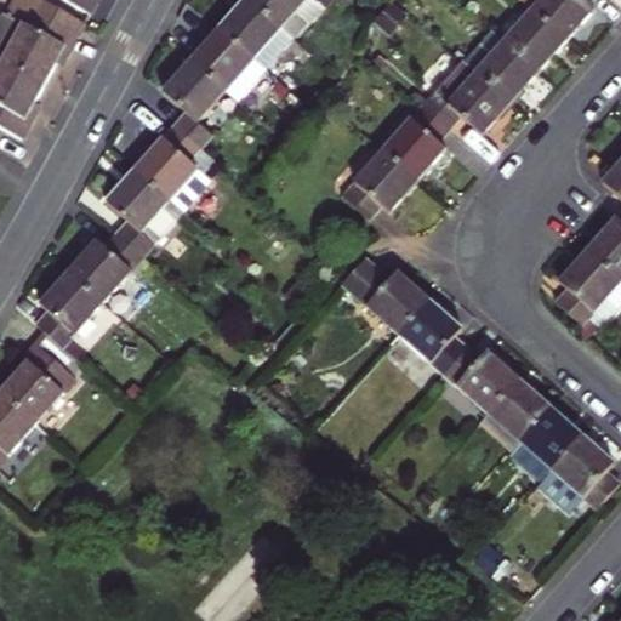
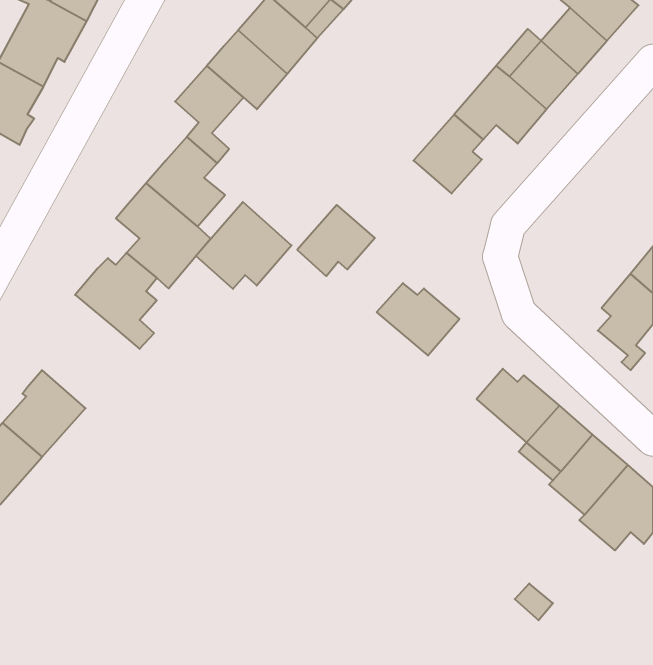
building: [344,148,416,213] -> [297,205,375,276]
building: none -> [196,202,292,289]
building: [38,272,104,347] -> none
building: [394,294,463,368] -> none

